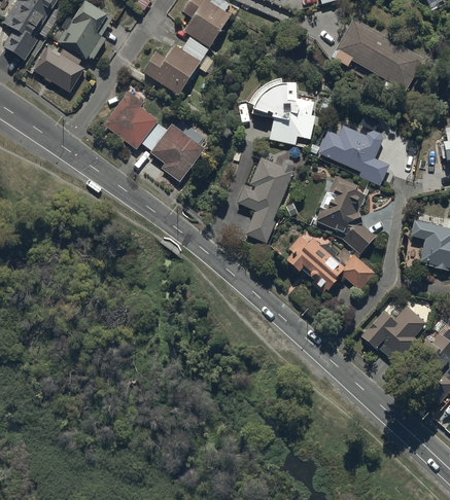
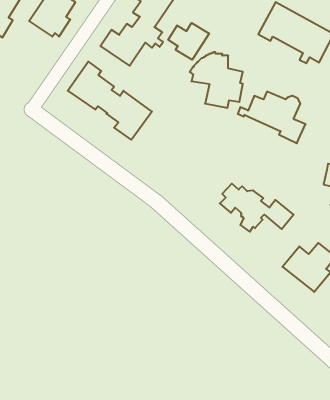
building: none -> [168,23,209,60]
building: [33,43,85,93] -> none
building: [237,156,293,246] -> none
building: [316,174,376,254] -> none

